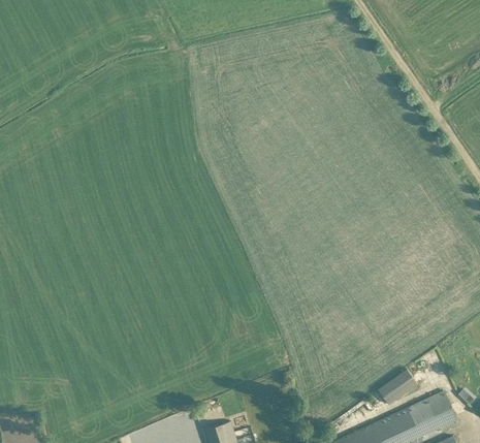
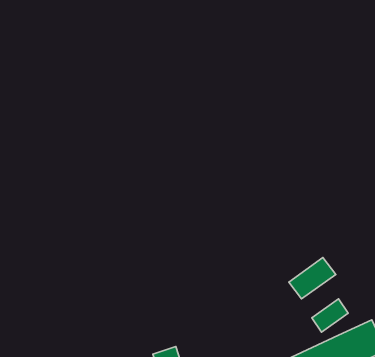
building: none -> [289,258,336,299]

